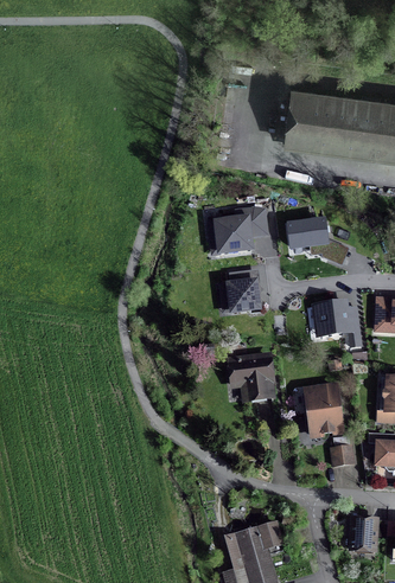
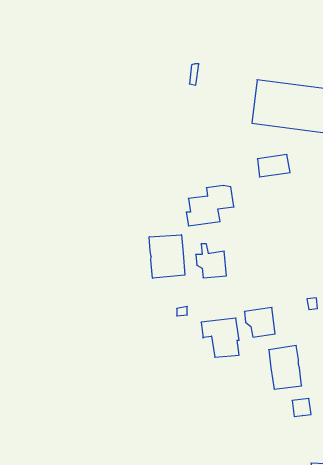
building: [288,223,325,248] -> [257,155,290,177]
building: none -> [149,235,185,278]
building: [313,302,348,335] -> [244,307,275,337]

